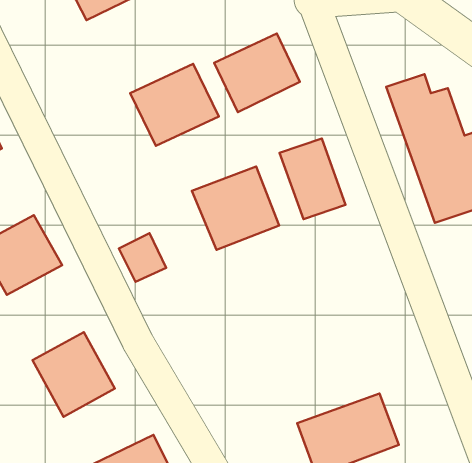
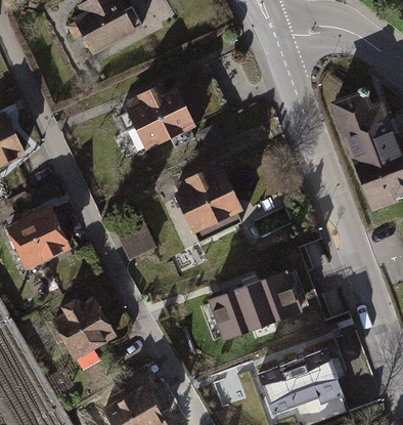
building: [214,33,300,112] -> none
building: [280,139,346,219] -> none
building: none -> [209,268,300,339]

